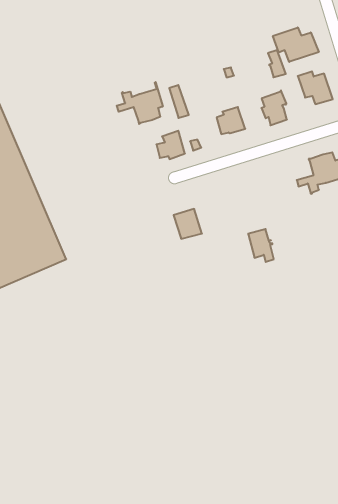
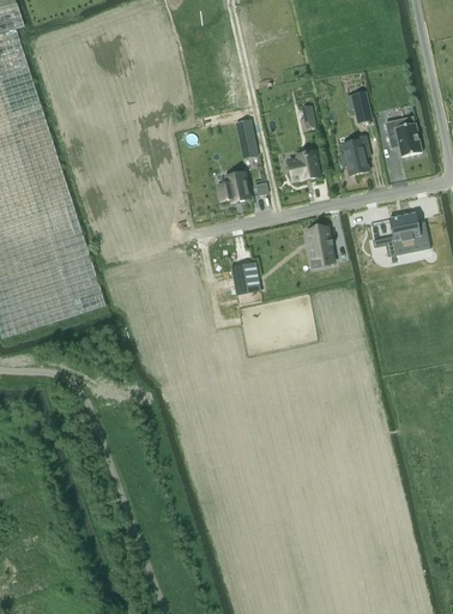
building: [273,27,319,62] -> none
building: [117,82,163,124] -> none
building: [248,229,274,262] -> [307,225,333,263]

